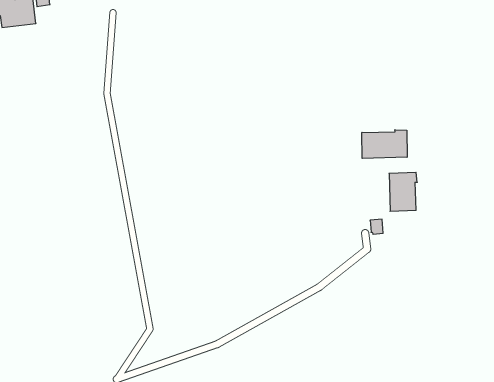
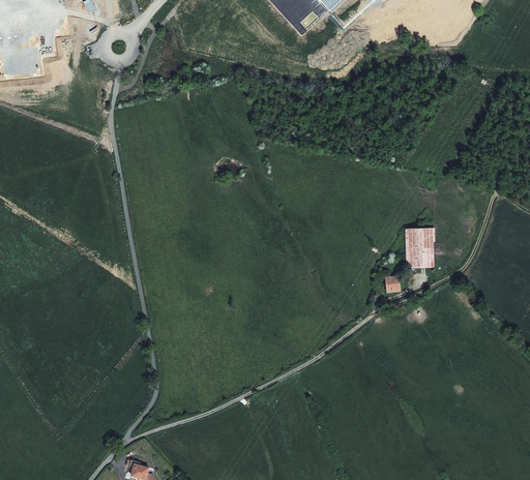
building: [362,130,407,158] -> none

